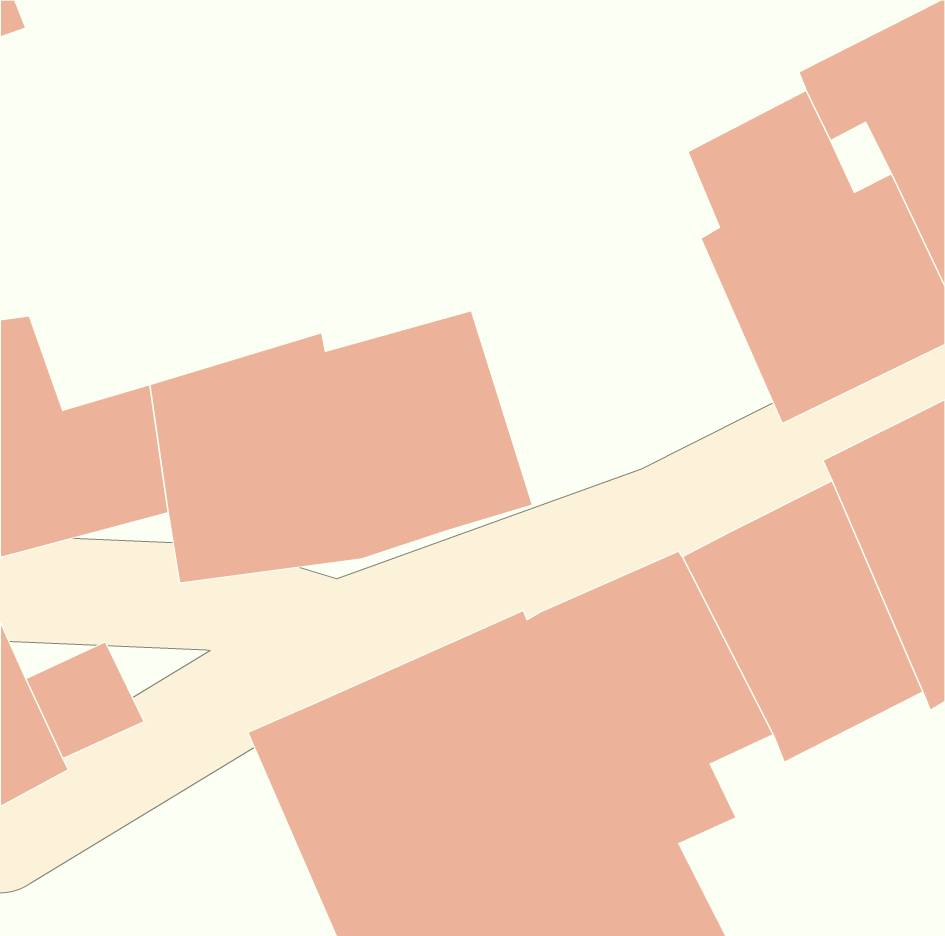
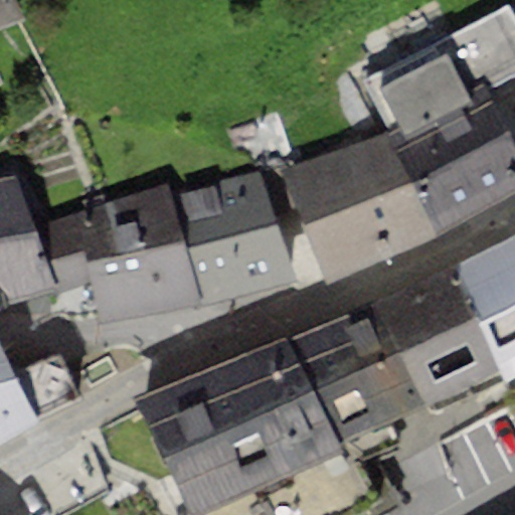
building: none -> [281,135,425,284]

